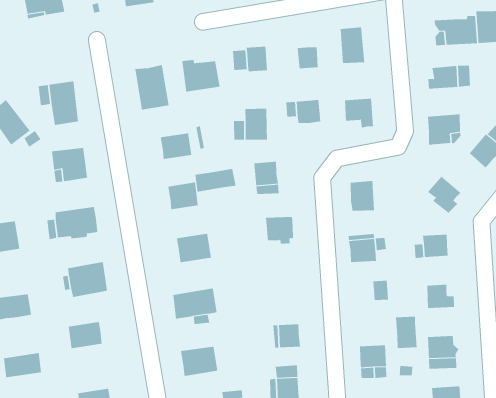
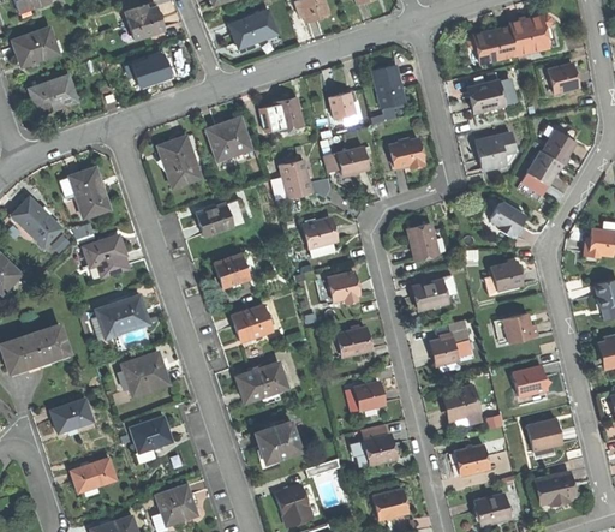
building: [195,168,236,192] -> none
building: none -> [334,329,368,359]
building: [395,316,418,348] -> [428,339,456,376]

